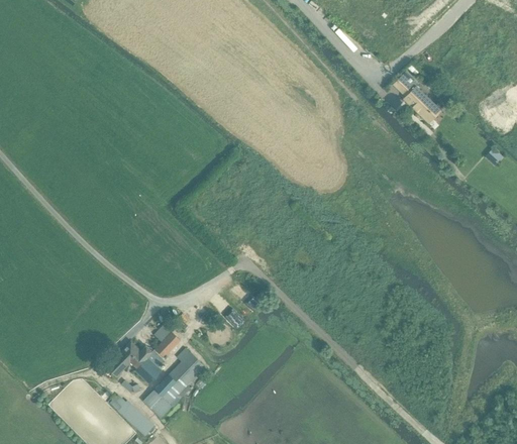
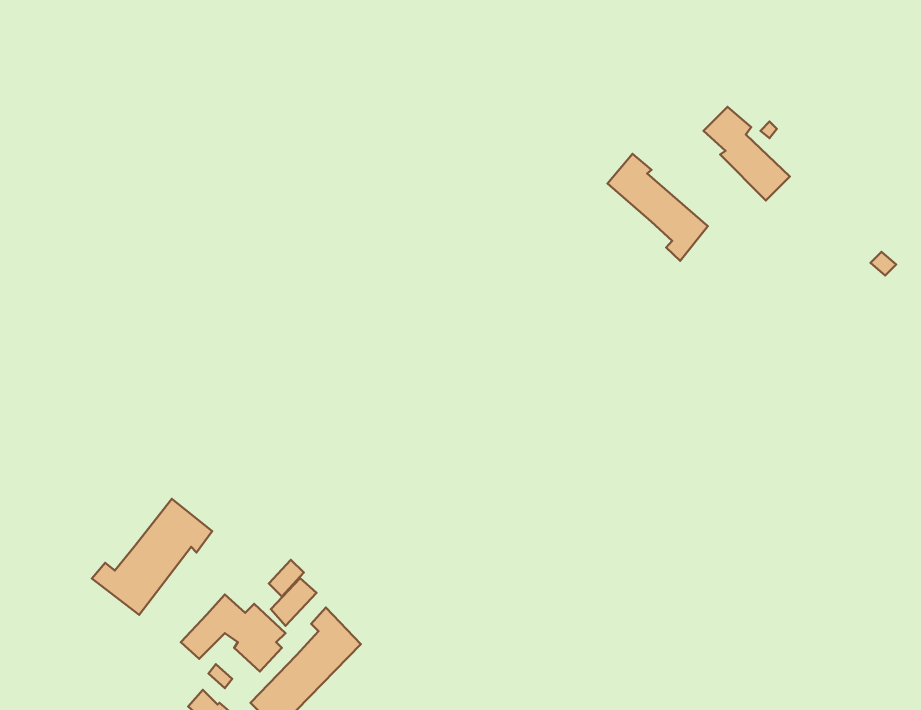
building: none -> [607,154,708,261]
building: none -> [92,499,212,615]

